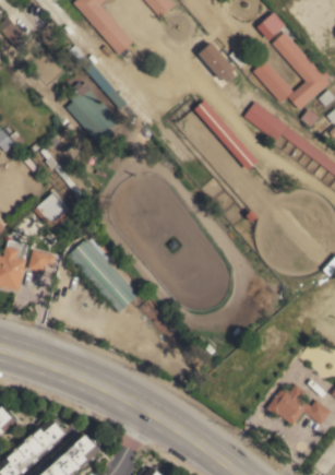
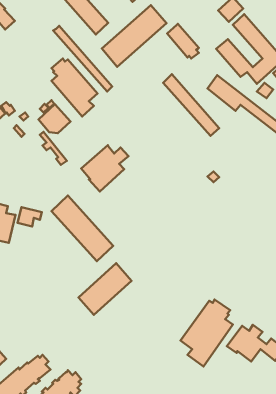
building: none -> [102,5,166,67]
building: none -> [81,145,128,191]
building: [35,191,71,224] -> [39,104,70,133]
building: none -> [78,263,132,315]
building: none -> [180,300,233,367]

